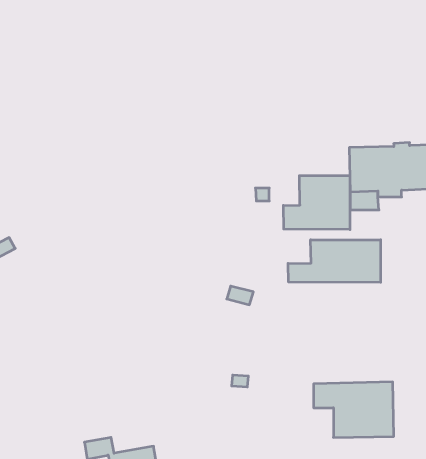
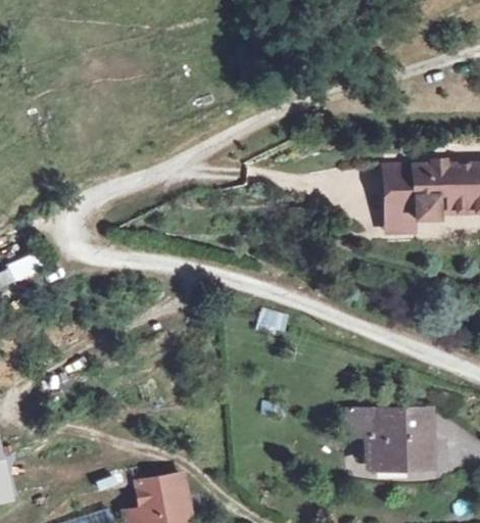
building: [283,175,350,230] -> none
building: [288,240,381,282] -> none

